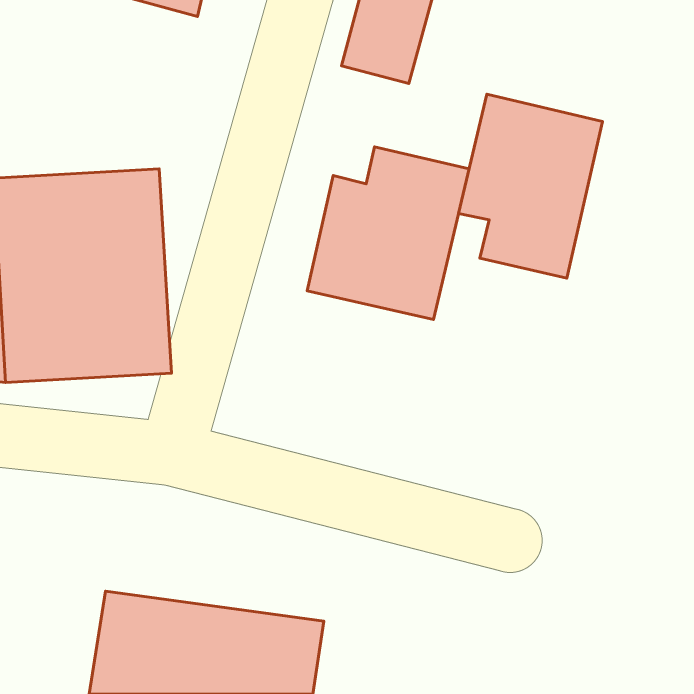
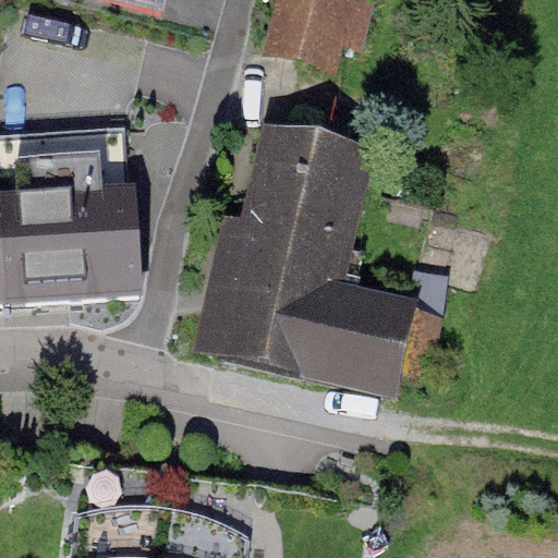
building: [459,94,602,278] -> none
building: none -> [215,231,437,395]

